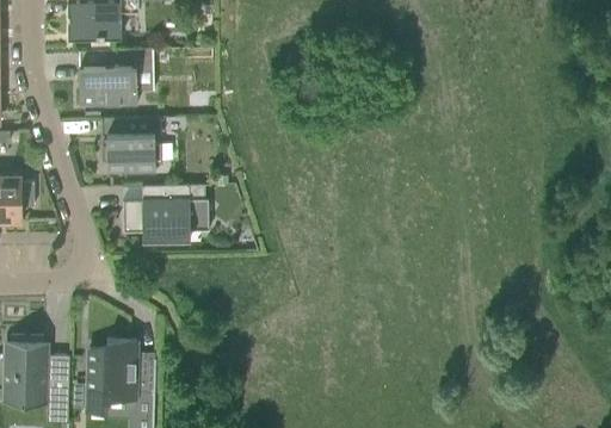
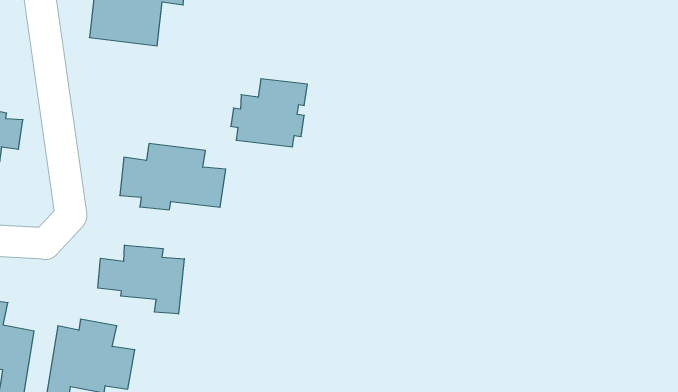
building: [100,119,160,174] -> [231,79,307,147]
building: none -> [98,245,184,314]

